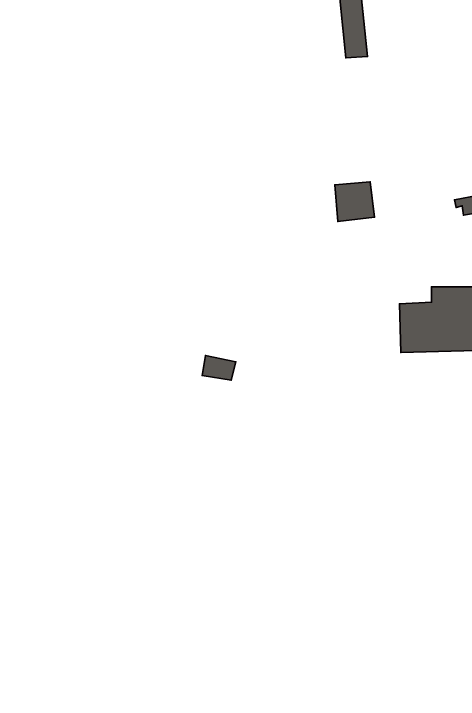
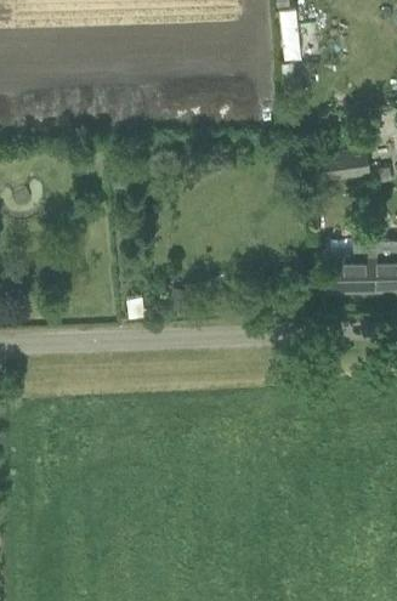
building: [335,182,375,222] -> [317,151,348,182]

